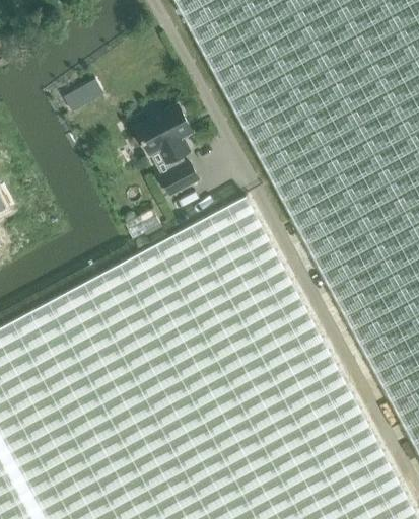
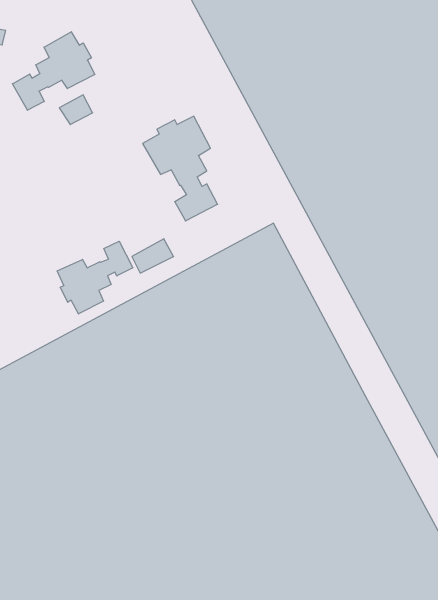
building: none -> [12,32,95,110]
building: none -> [57,241,133,314]

